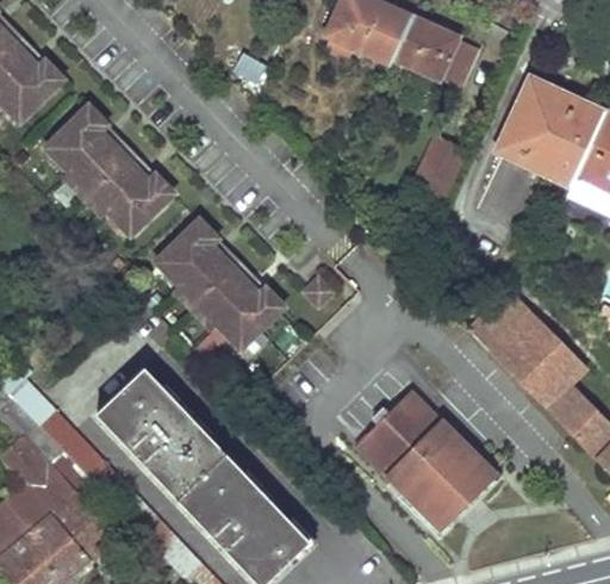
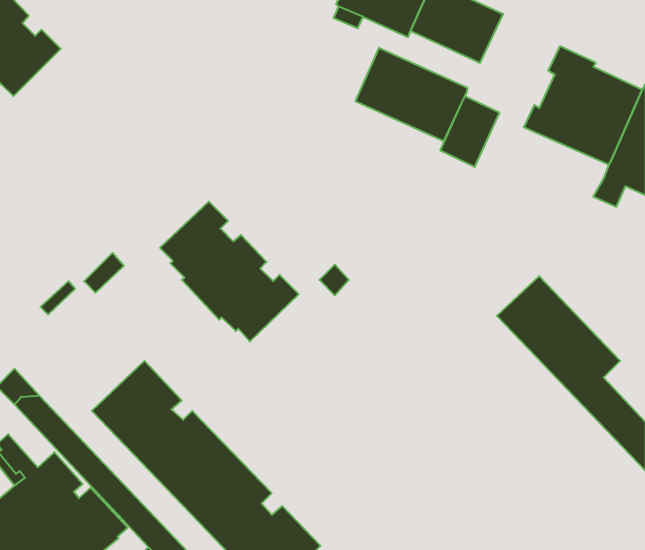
building: none -> [356,48,467,141]
building: [48,105,178,235] -> none
building: [356,389,494,529] -> none

